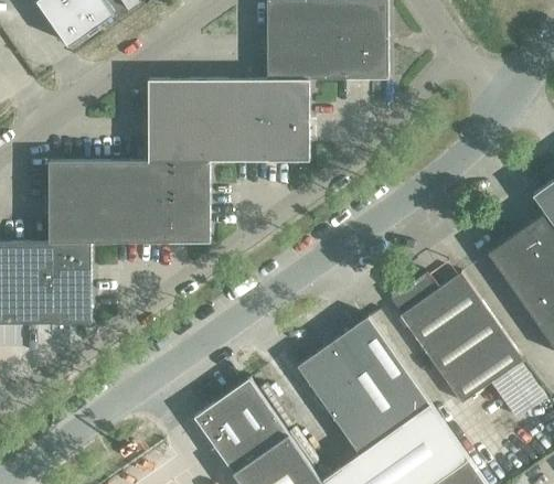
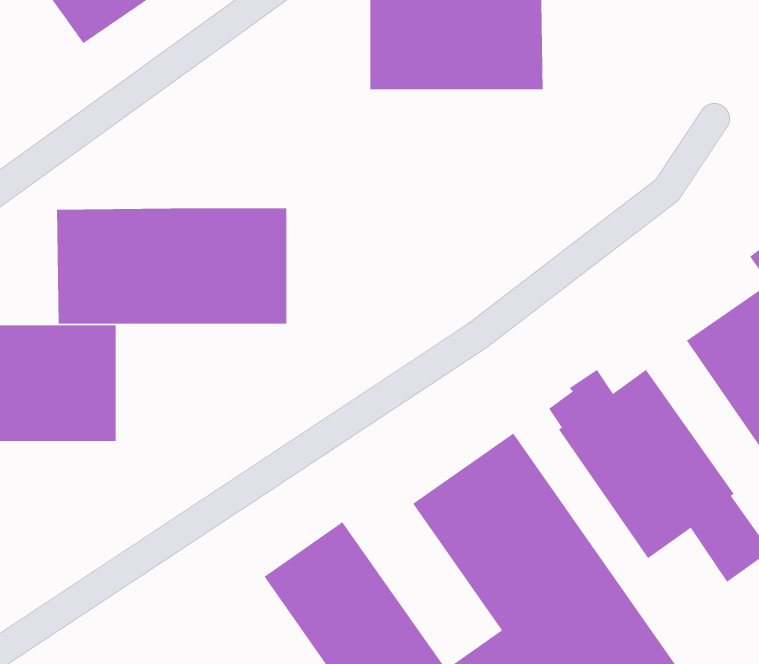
building: [149,78,310,160] -> none

